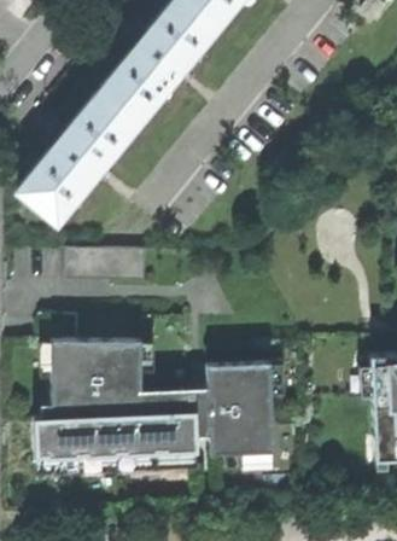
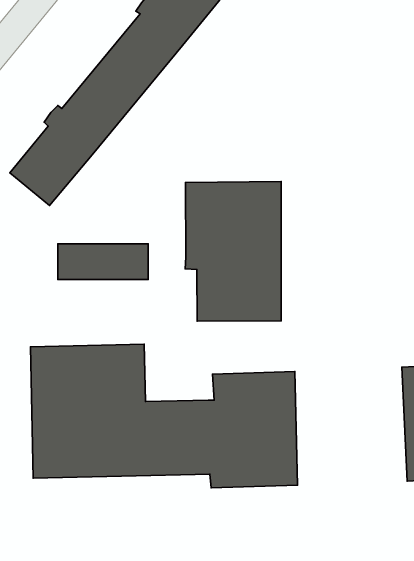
building: none -> [185,182,281,321]

